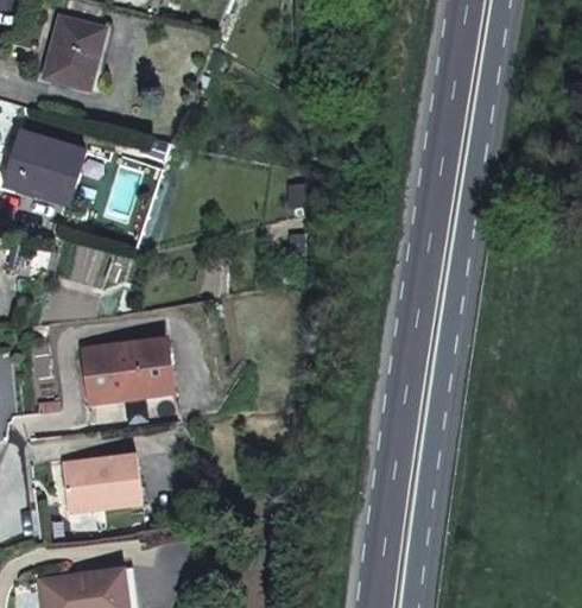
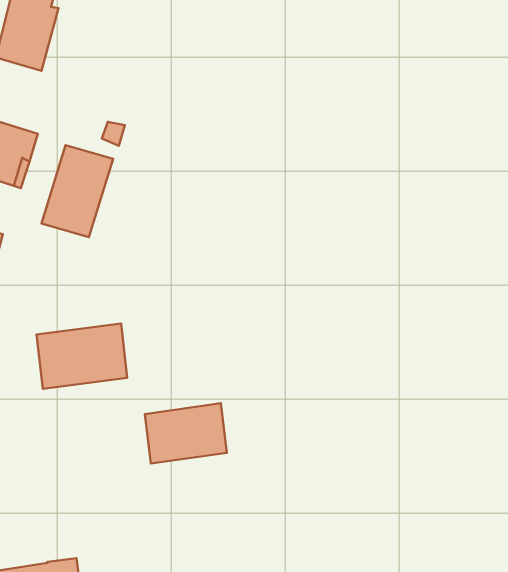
building: none -> [41,145,113,237]
building: [62,452,143,512] -> [145,403,227,464]

